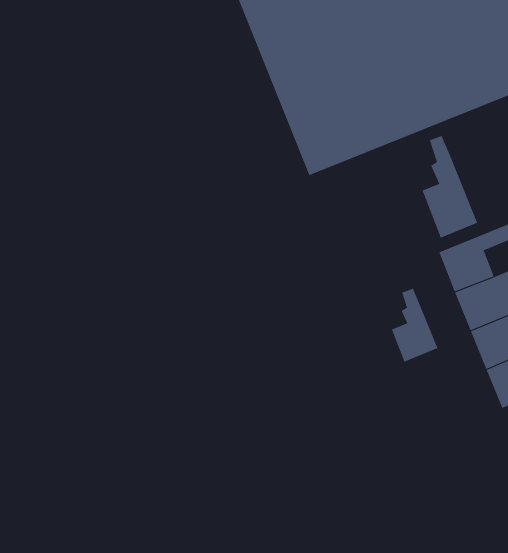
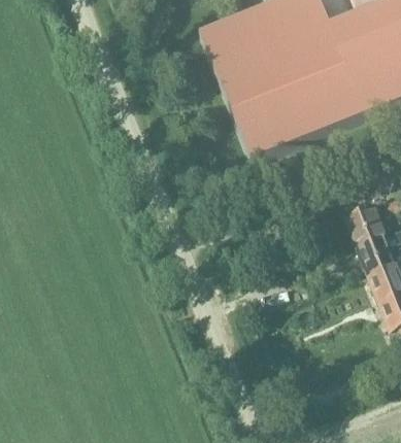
building: [422,135,478,238] -> none
building: [391,288,438,362] -> none

